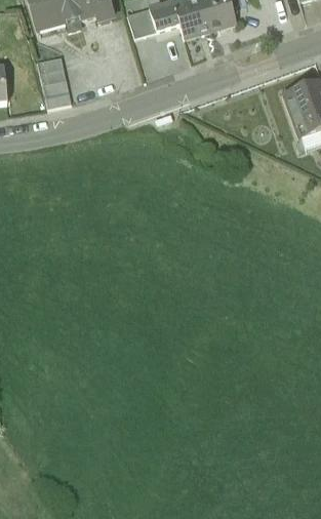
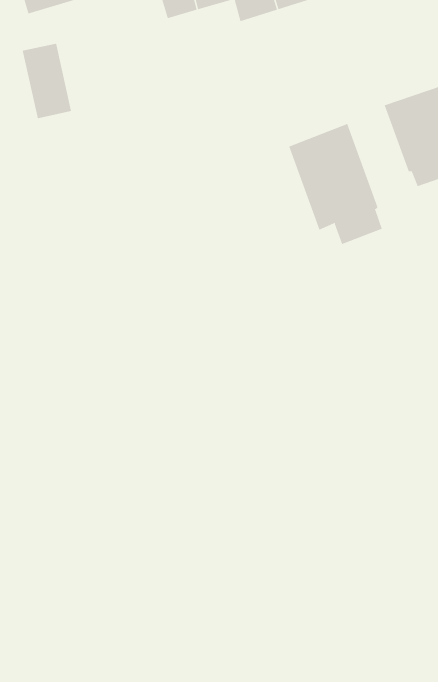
building: none -> [289,123,382,245]

